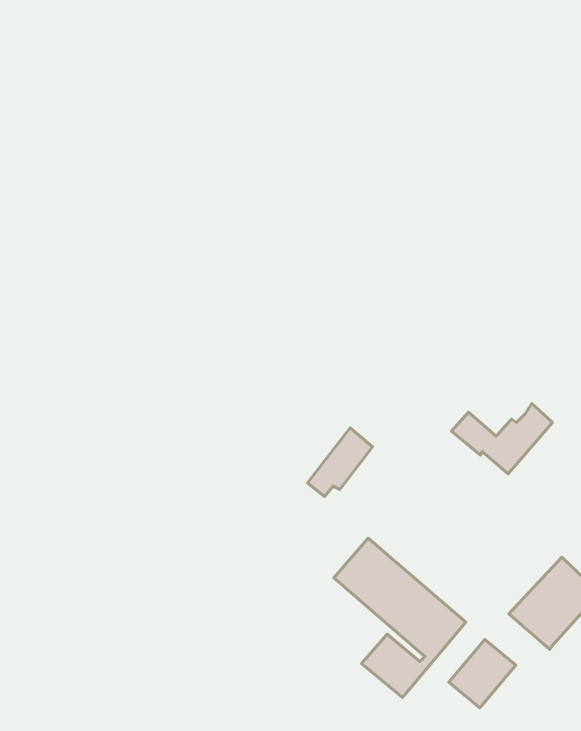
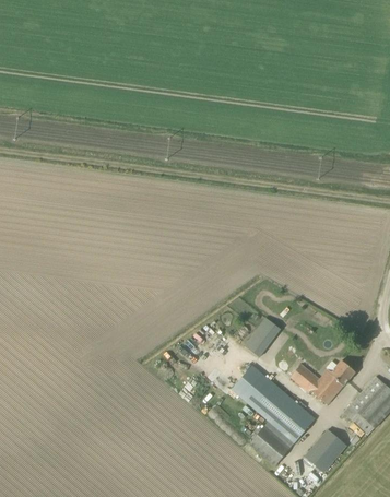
building: [451,404,553,474] -> [289,359,354,404]
building: [307,428,372,496] -> [238,317,280,360]

